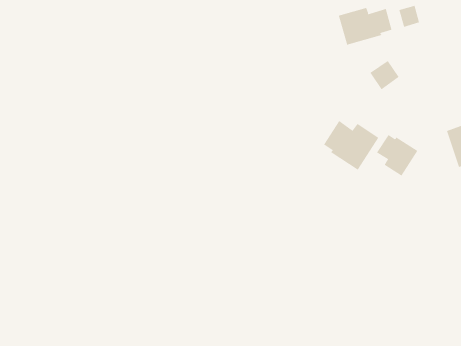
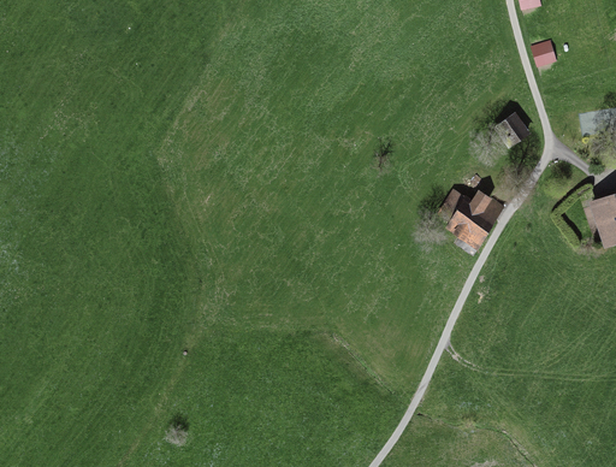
building: [338,7,392,46] -> none
building: [376,134,418,176] -> none

